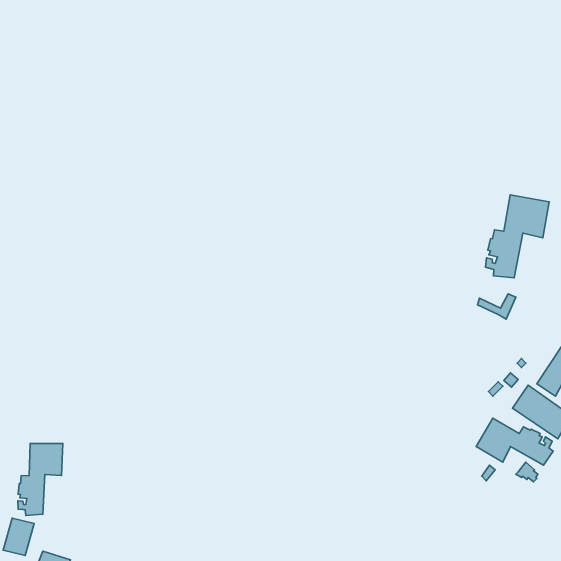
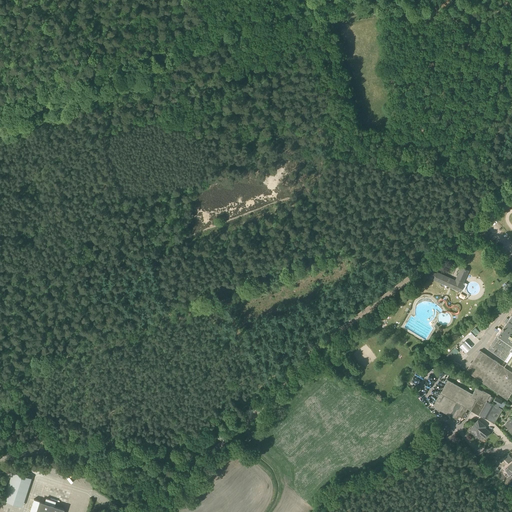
building: [485,195,549,278] -> none
building: [18,443,63,515] -> none

